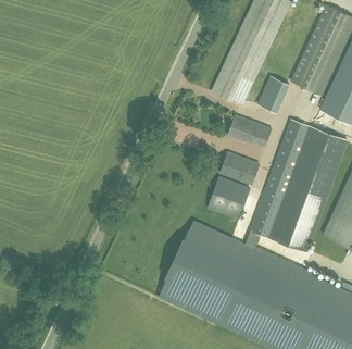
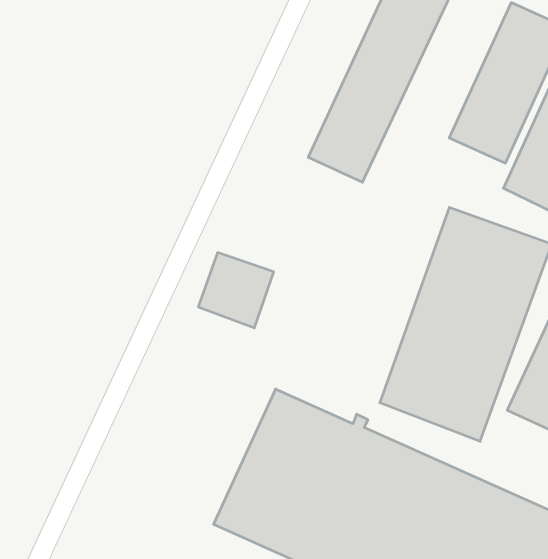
building: [256,75,288,112] -> none
building: [226,115,269,149] -> none
building: [218,152,257,184] -> none
building: [206,177,249,220] -> [198,253,274,328]

